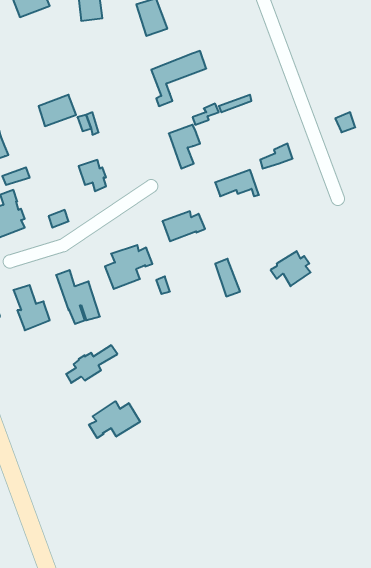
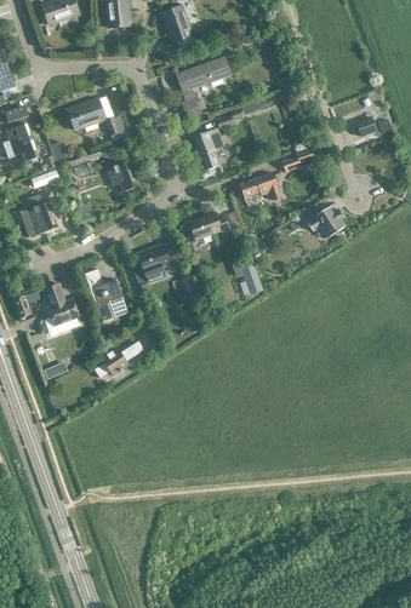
building: [271,251,311,286] -> [307,203,346,237]
building: [89,401,140,438] -> none

